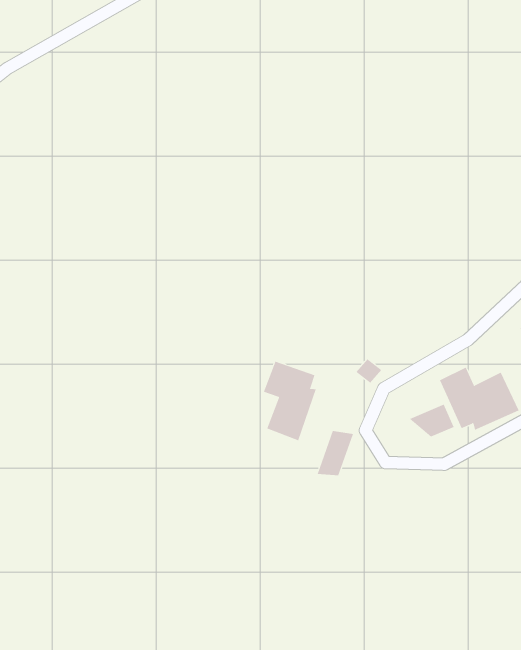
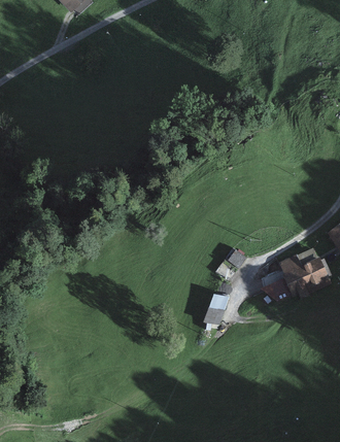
building: [263,361,316,441] -> none

